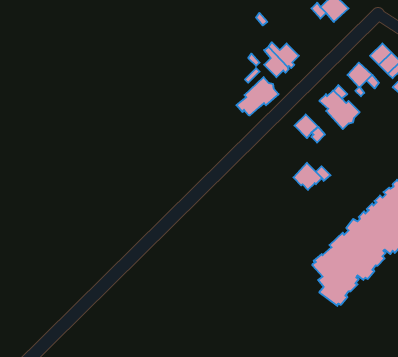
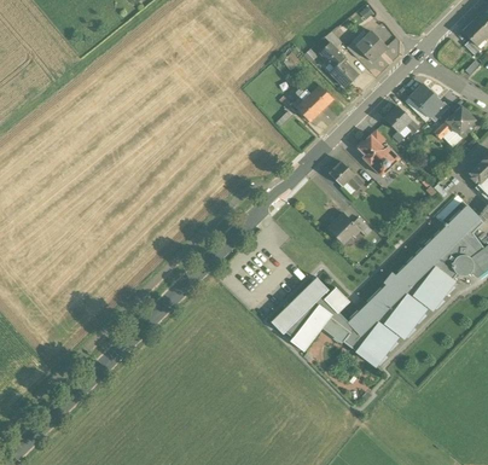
building: none -> [320,43,358,87]
building: [236,77,279,115] -> none
building: none -> [271,277,360,351]

